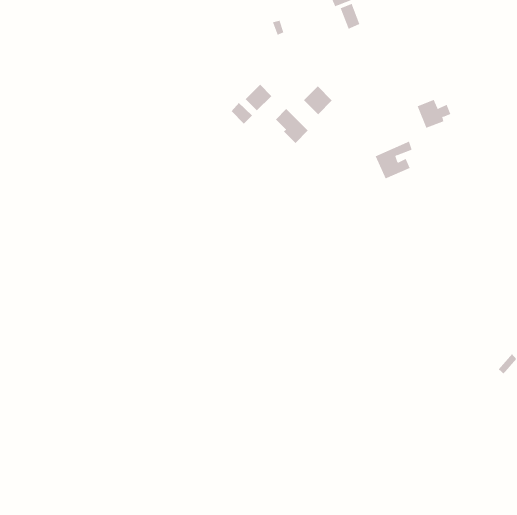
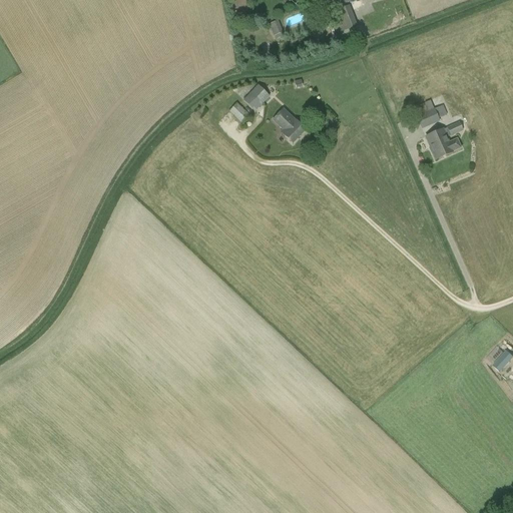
building: [303,86,333,115] -> none
building: [375,141,412,179] -> [426,120,463,158]

